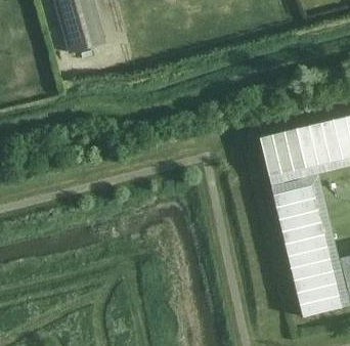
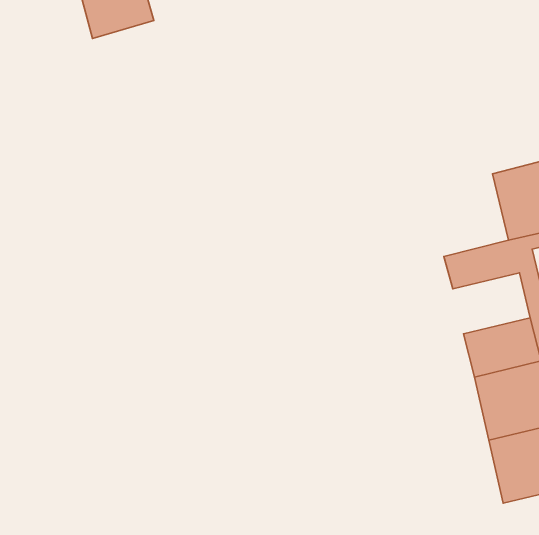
building: [260,129,306,176] -> none
building: [274,185,318,220] -> none

